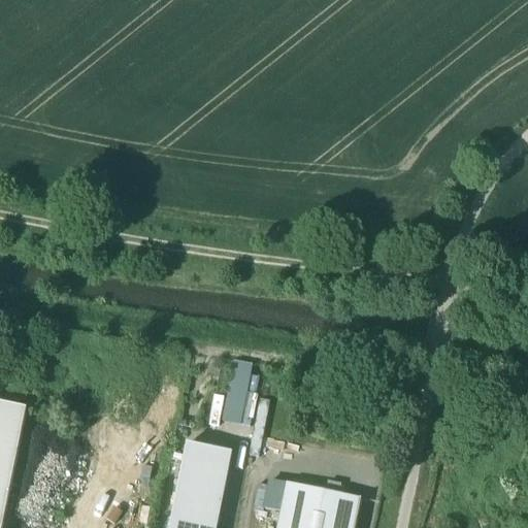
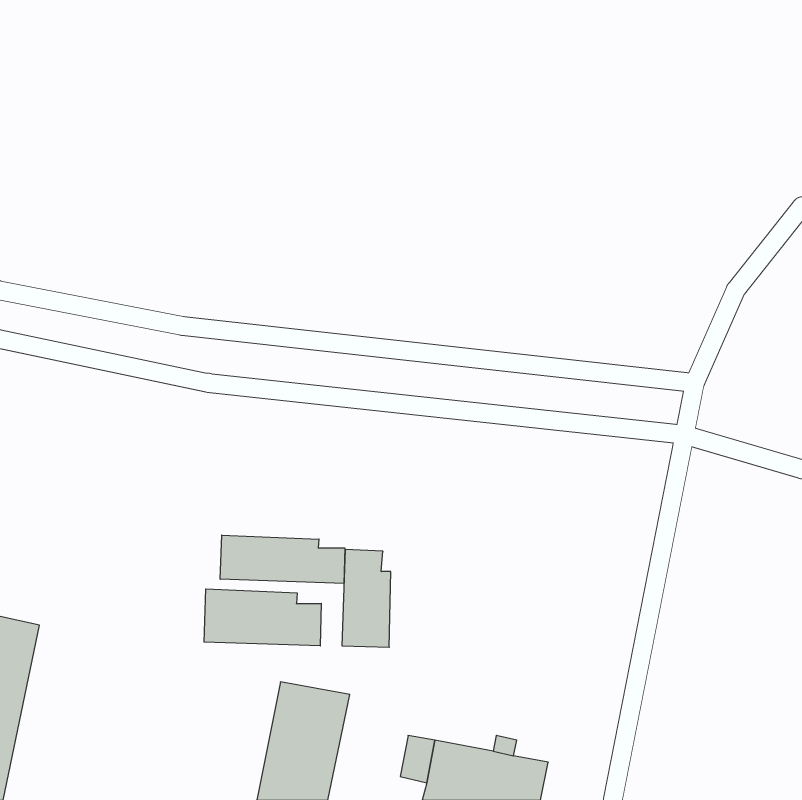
building: none -> [220,535,345,583]
building: none -> [204,589,321,646]

